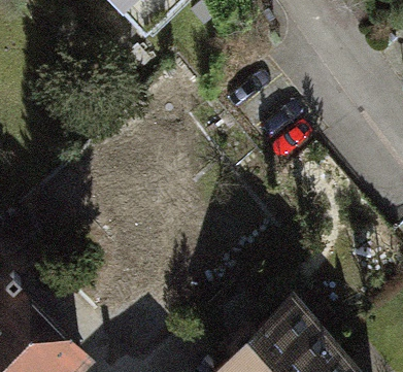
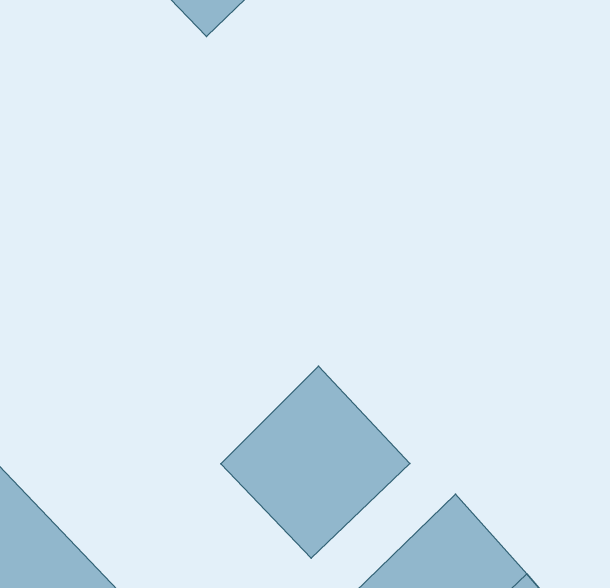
building: none -> [221,366,410,558]

